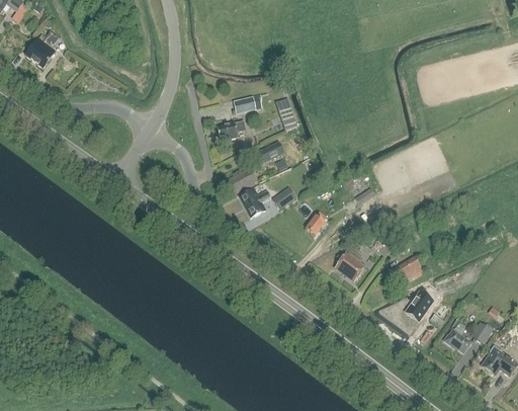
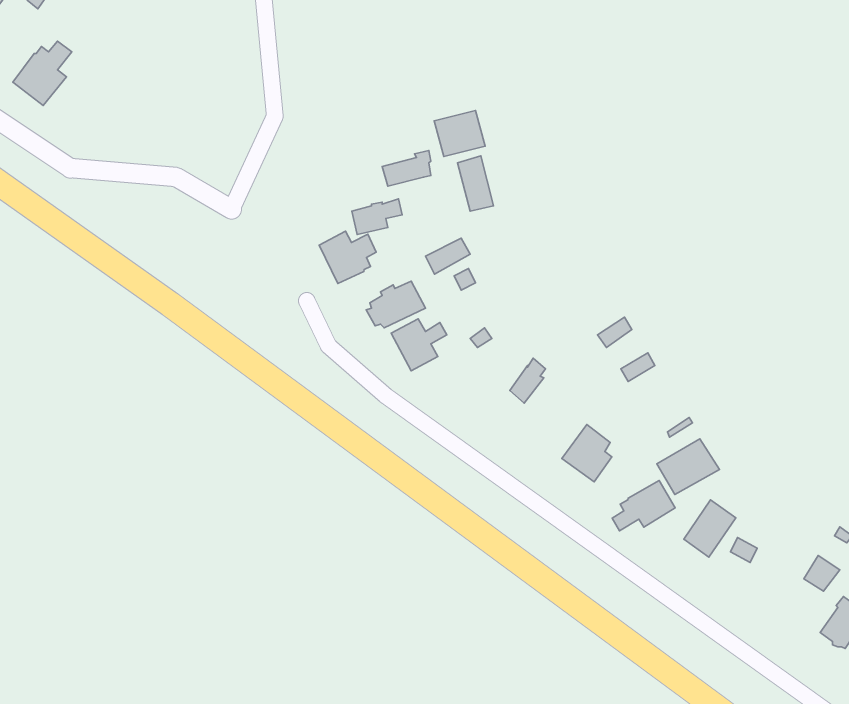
building: none -> [434,111,485,156]
building: none -> [319,231,376,284]
building: none -> [612,481,675,531]
building: [443,327,471,353] -> none

